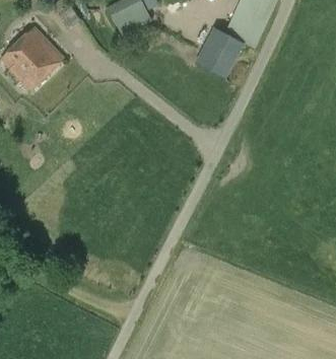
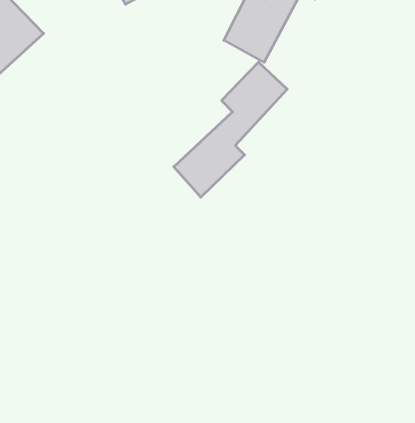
building: none -> [174,62,287,197]

